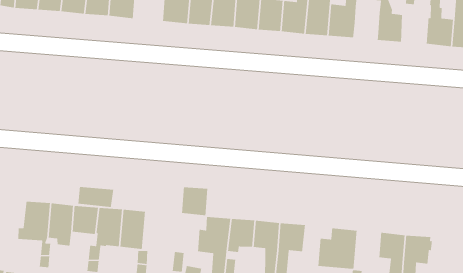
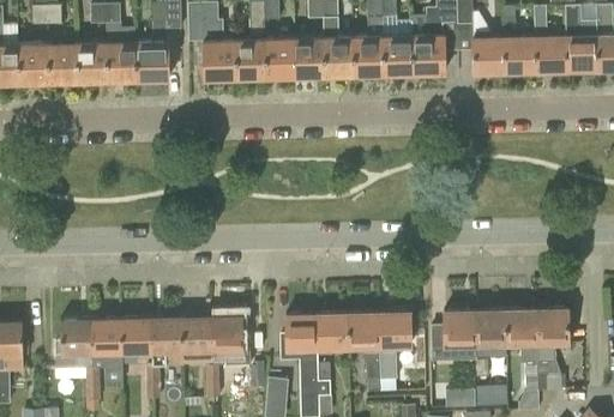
building: none -> [502,37,535,72]
building: [77,186,114,208] -> none
building: [181,186,208,216] -> [211,315,243,350]
building: none -> [476,309,506,350]

